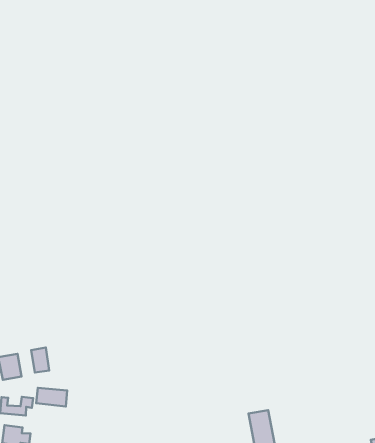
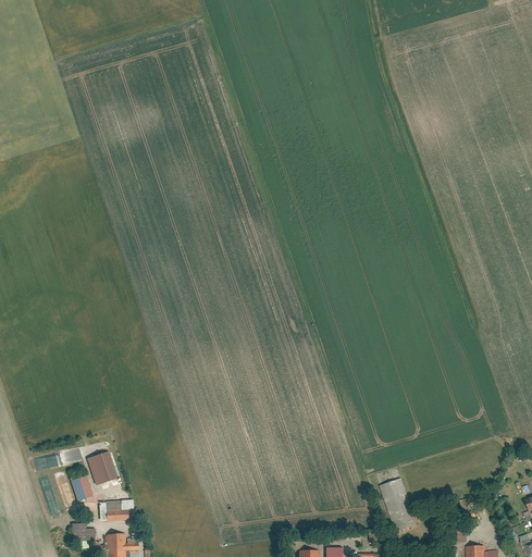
building: [31,347,49,373] -> none
building: [36,388,67,407] -> none

